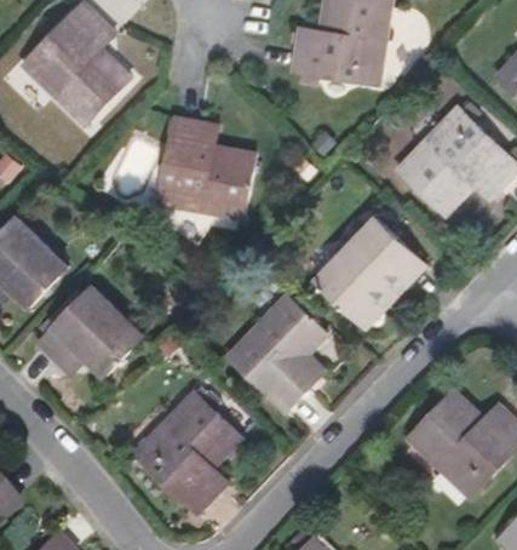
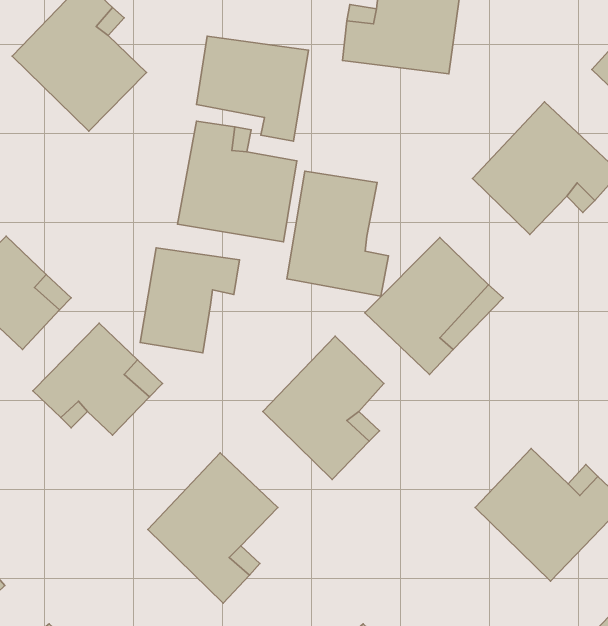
building: none -> [196,36,308,141]
building: none -> [287,171,388,296]
building: none -> [140,248,240,353]

